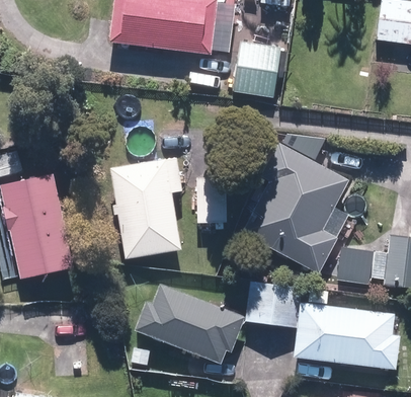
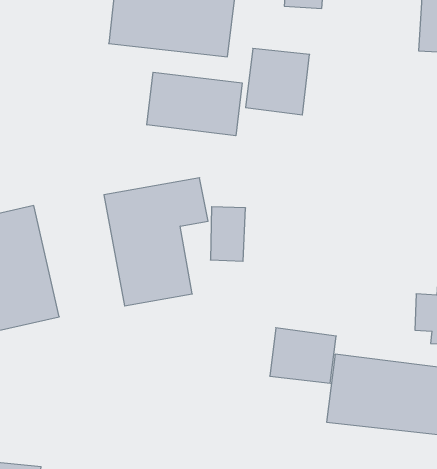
building: none -> [147,72,242,136]
building: [236,144,371,275] -> none
building: [131,282,245,364] -> none

